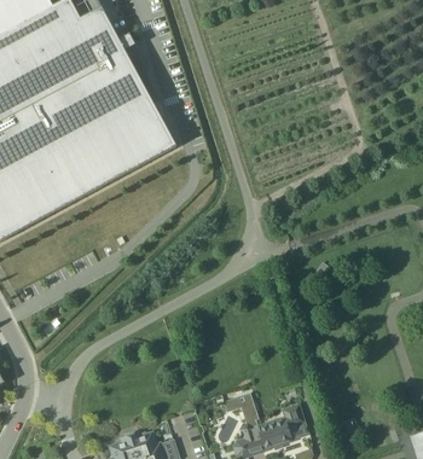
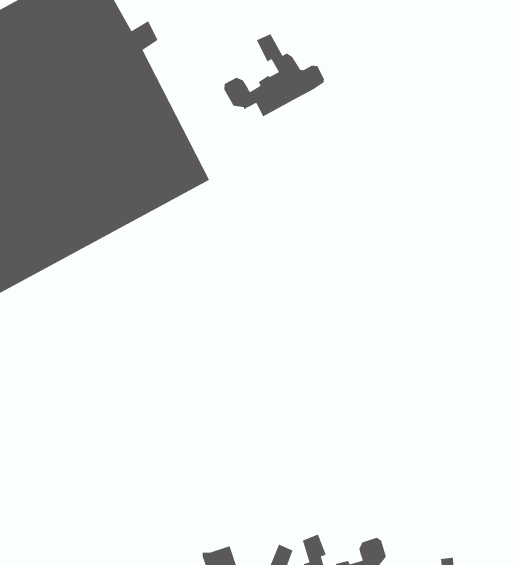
building: none -> [224,33,325,118]

